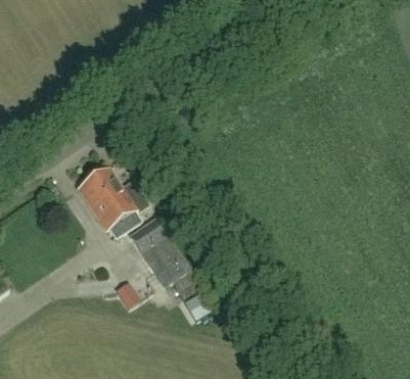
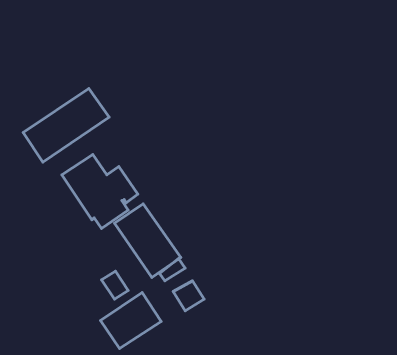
building: none -> [23,88,109,162]
building: none -> [100,293,161,349]

